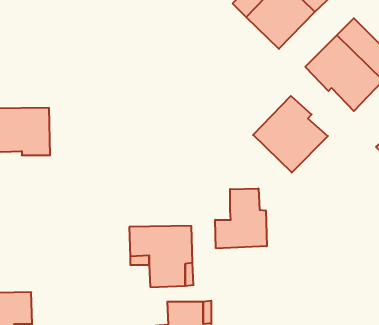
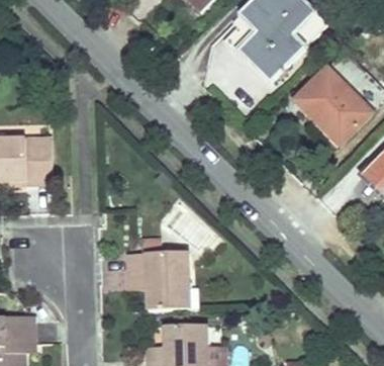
building: [253,96,328,173] -> none
building: [215,188,267,248] -> none

